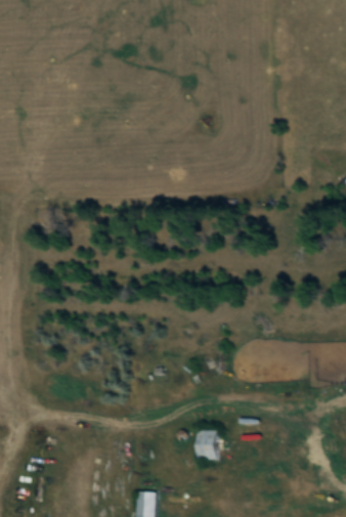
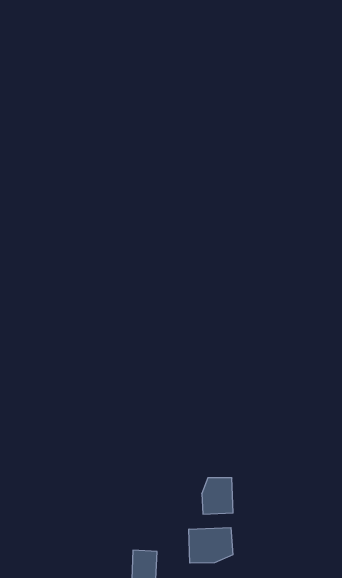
building: none -> [189,528,233,563]

